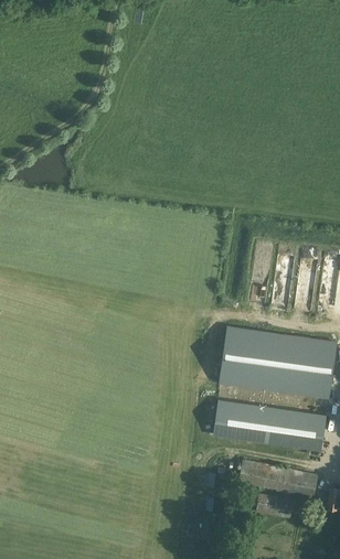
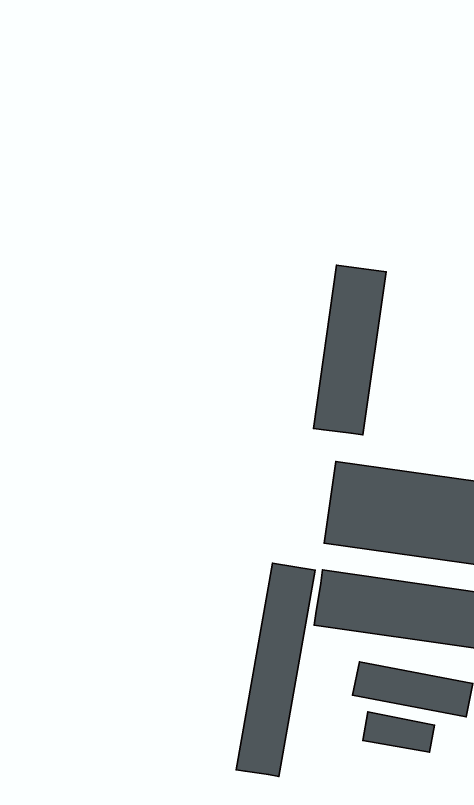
building: none -> [313,265,386,435]
building: none -> [236,563,315,777]

